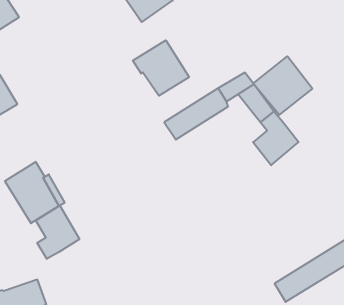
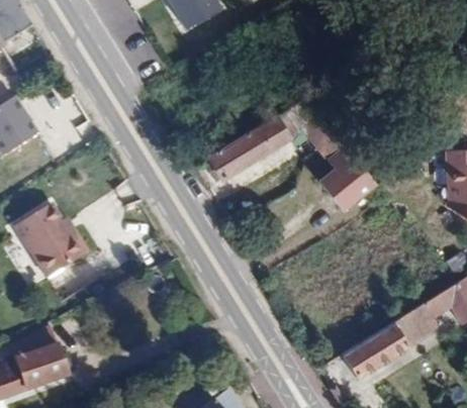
building: [133,40,189,96] -> none
building: [253,56,312,115] -> none
building: [36,205,79,259] -> none

